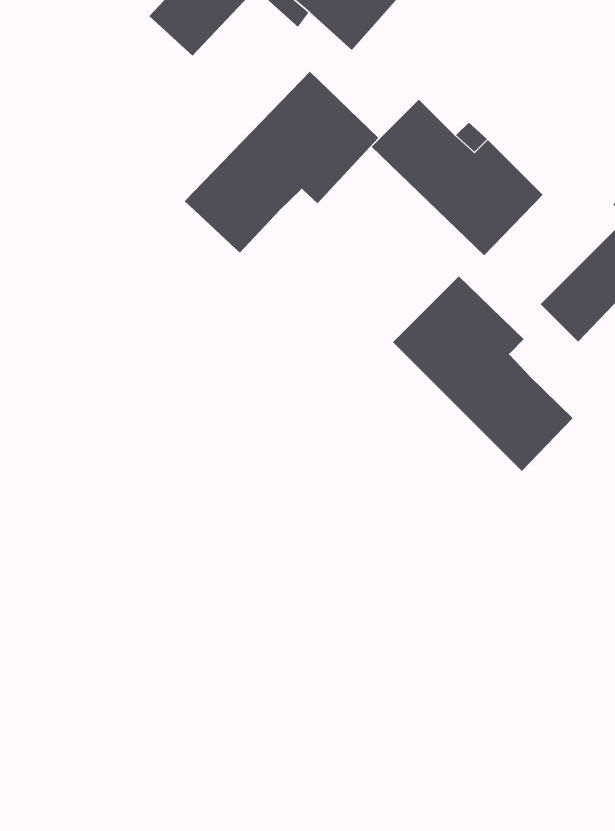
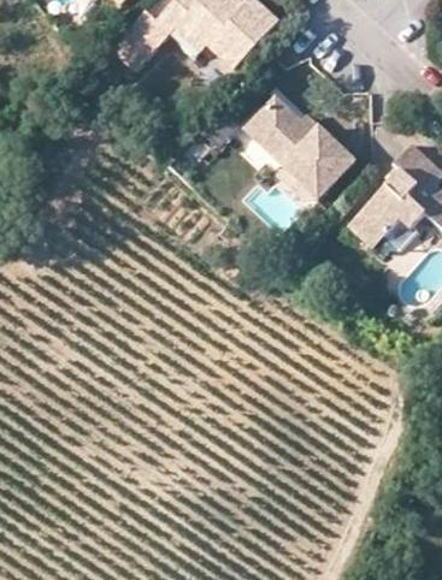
building: [184,71,379,253] -> none
building: [392,276,574,472] -> none

